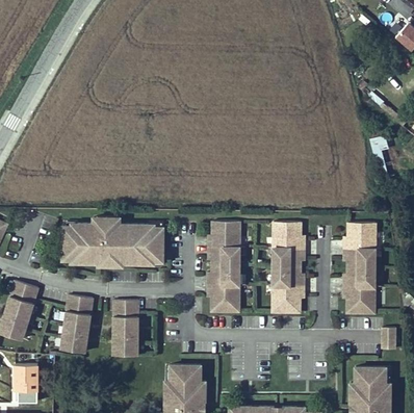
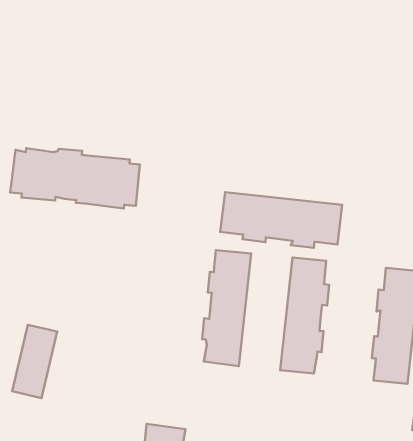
building: none -> [220,192,342,248]
building: [62,222,163,264] -> [10,148,140,209]
building: [113,300,138,355] -> none

